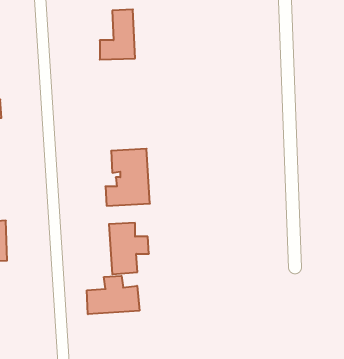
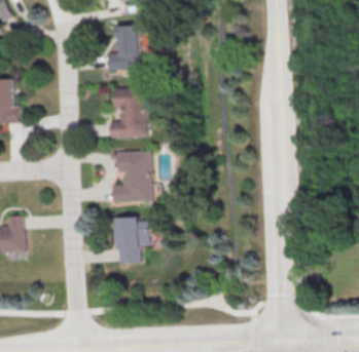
building: none -> [109,85,147,136]
building: [87,276,139,314] -> none

